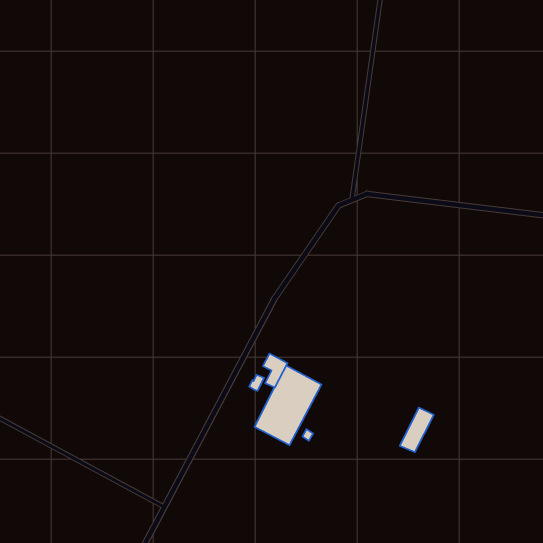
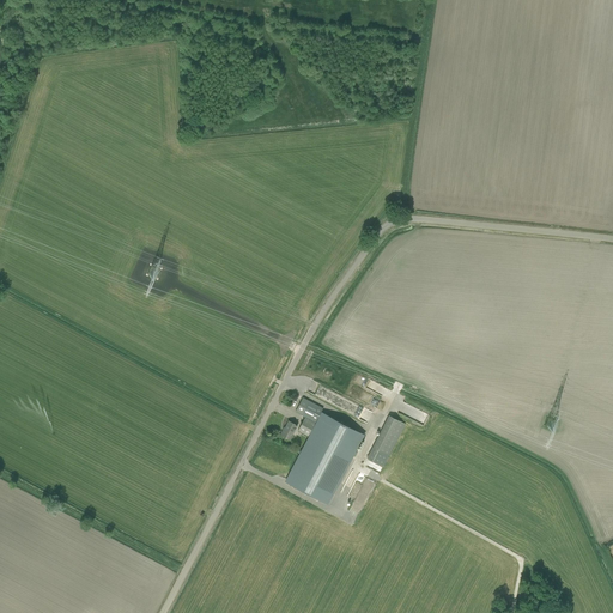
building: [400,408,434,452] -> [368,417,406,467]

